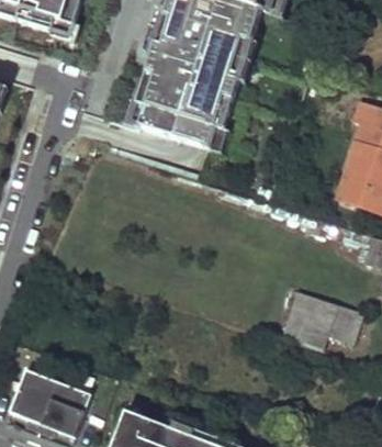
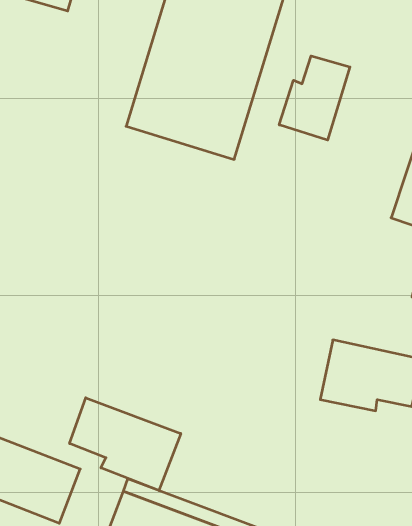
building: none -> [279,56,350,140]
building: none -> [70,398,181,491]

